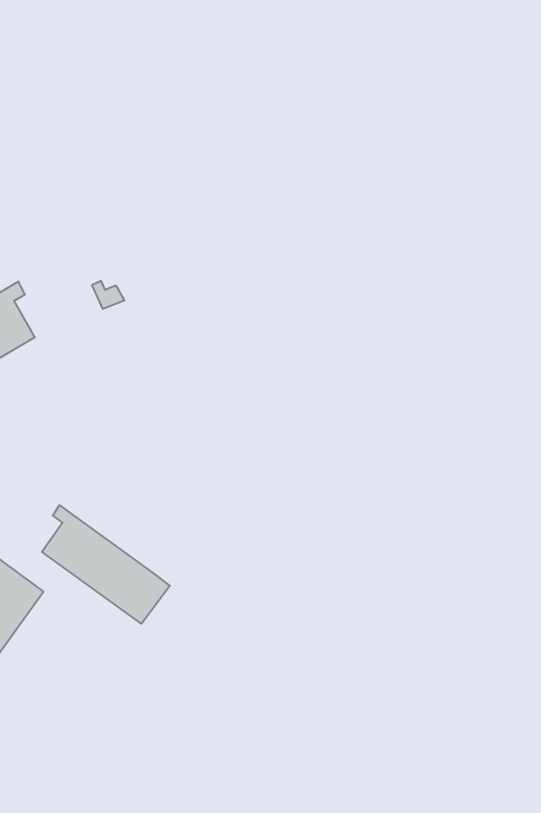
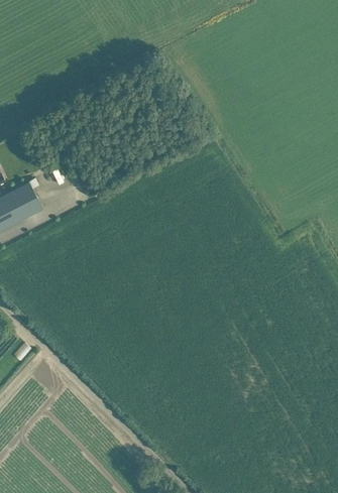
building: [42,505,170,624] -> none

